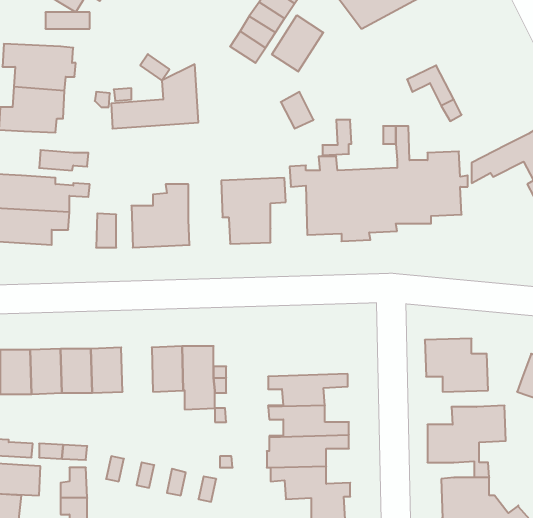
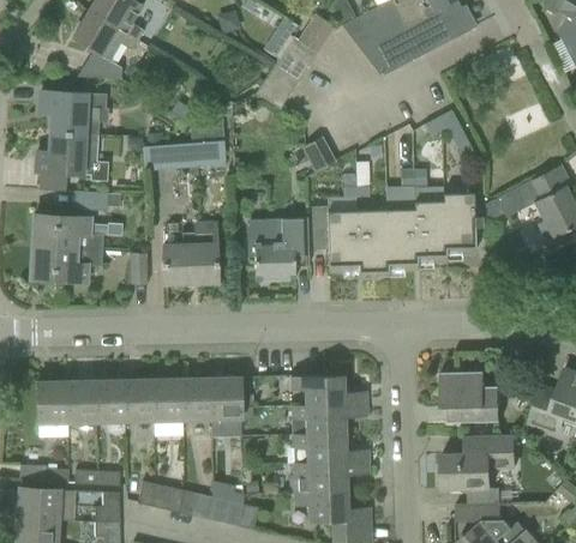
building: [272,15,323,72] -> none
building: none -> [290,375,367,406]
building: none -> [152,379,182,436]

